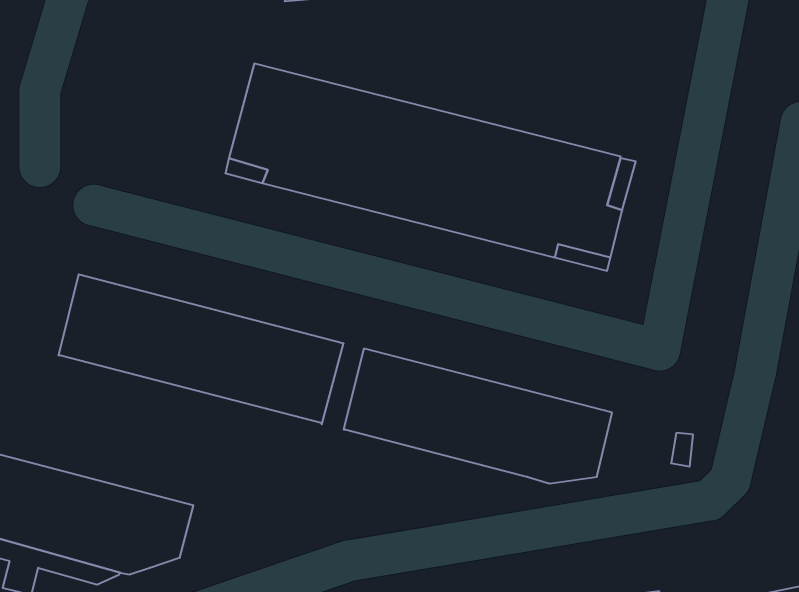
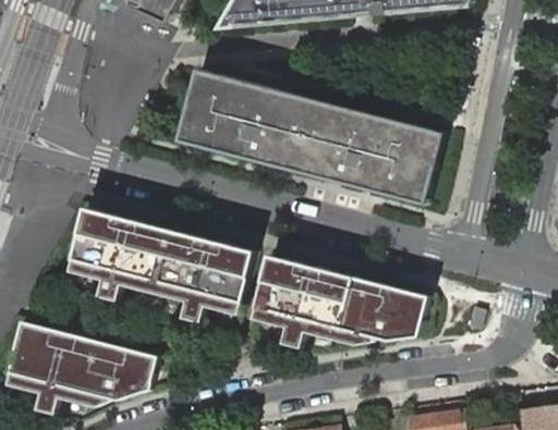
building: none -> [66,258,239,324]
building: none -> [251,306,372,349]

